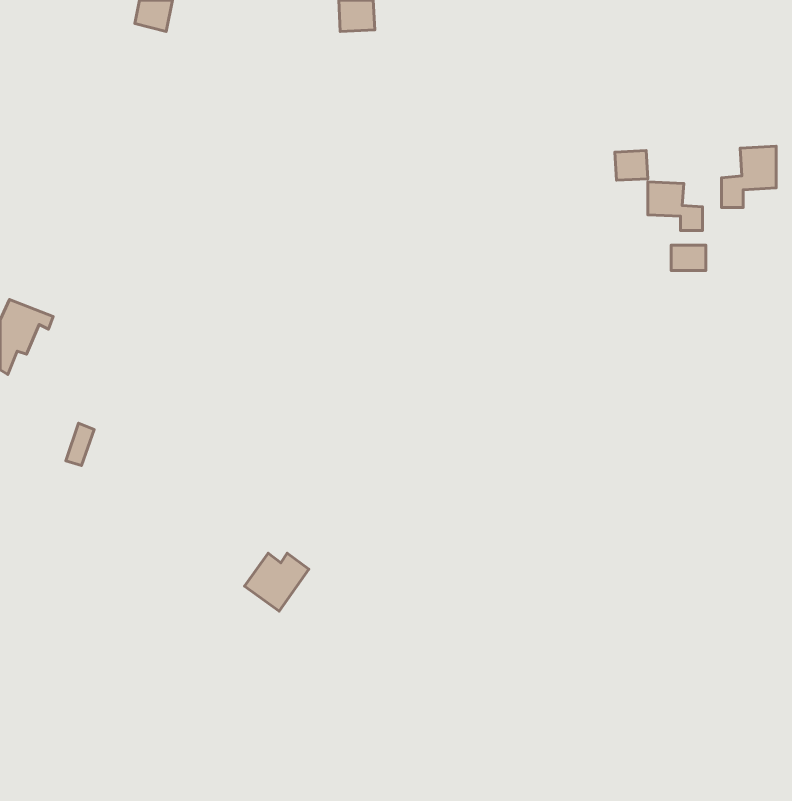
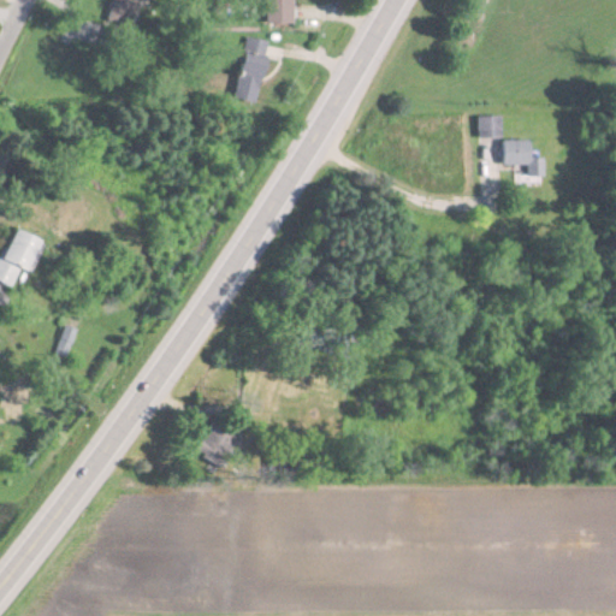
building: none -> [233,37,270,102]
building: [721,146,776,208] -> none
building: [671,245,706,271] -> none

